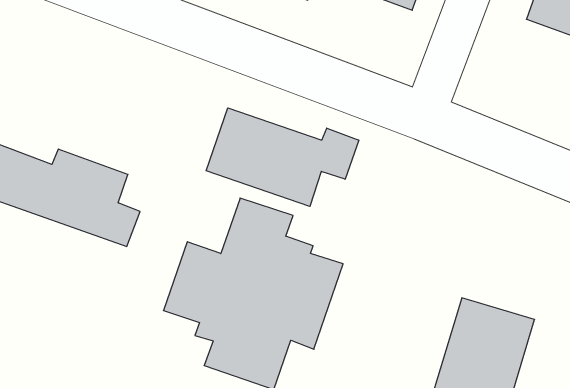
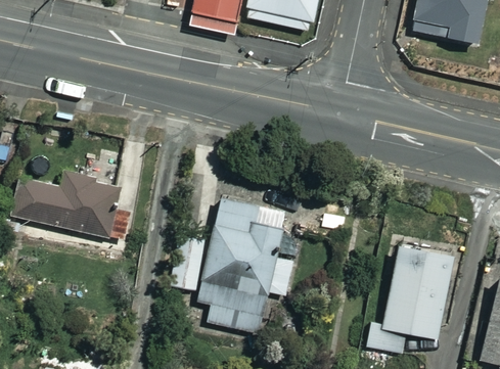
building: [206,108,359,206] -> none

